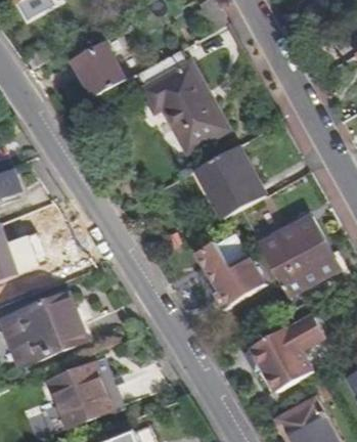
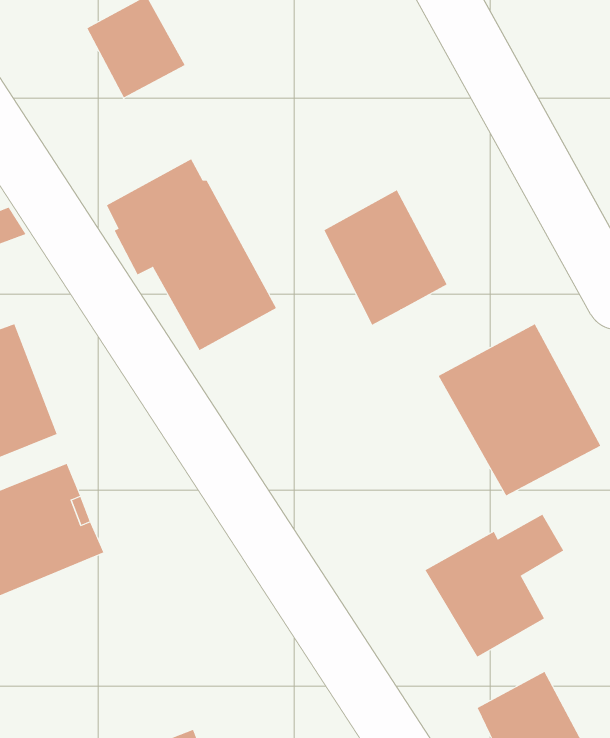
building: [135,50,225,151] -> [106,159,277,351]
building: [207,256,265,305] -> none
building: [49,354,121,422] -> none

